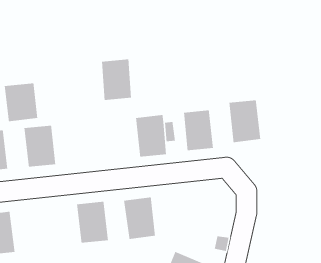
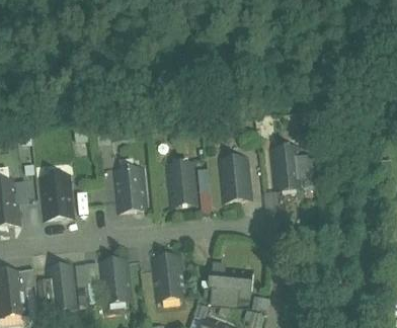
building: [101,58,132,101] -> [114,165,149,213]
building: [4,83,38,122] -> none
building: none -> [45,263,81,312]
building: none -> [207,263,253,298]

